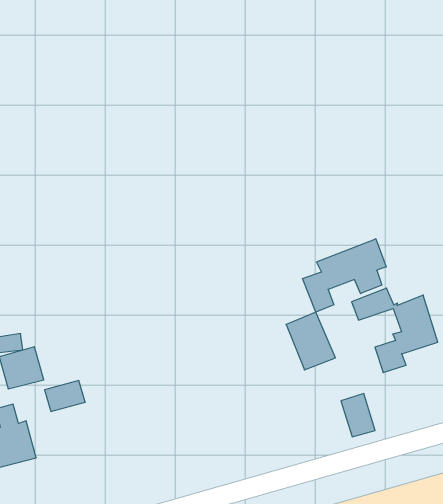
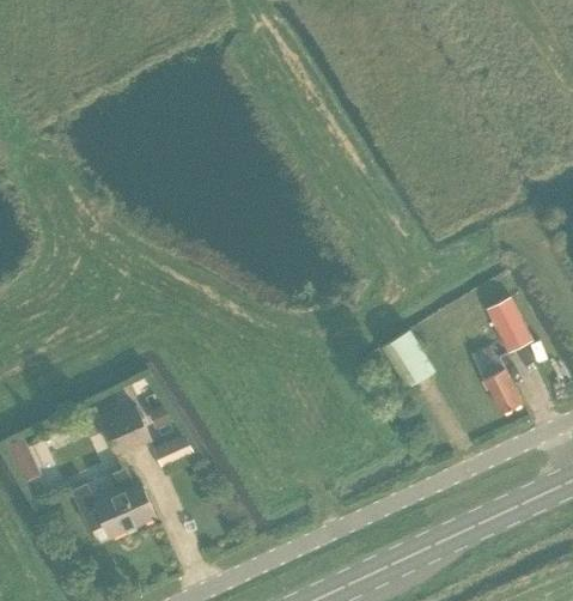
building: [303,239,386,312] -> none
building: [341,394,375,437] -> [483,369,522,413]

